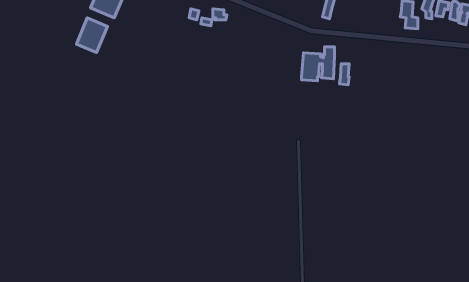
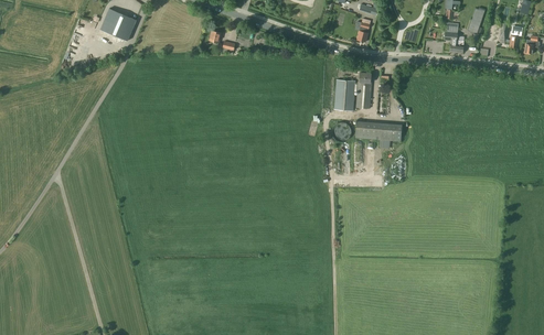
building: [76,18,108,53] -> none
building: none -> [355,121,402,141]

